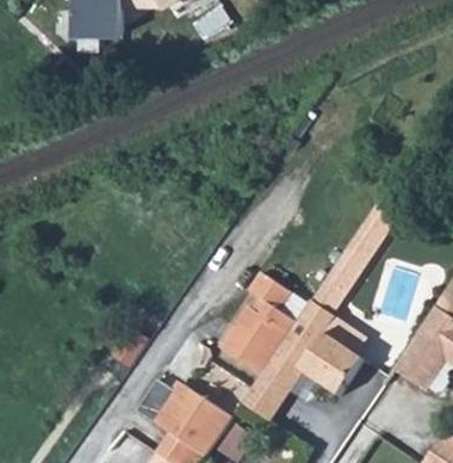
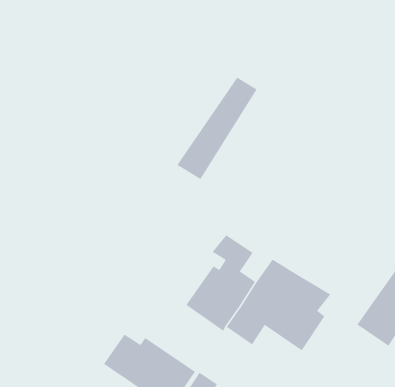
building: [309,211,392,317] -> [177,77,258,180]
building: [241,372,288,421] -> none

